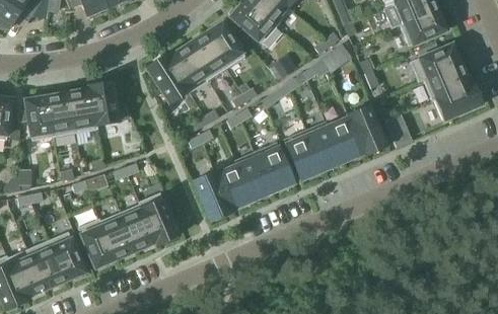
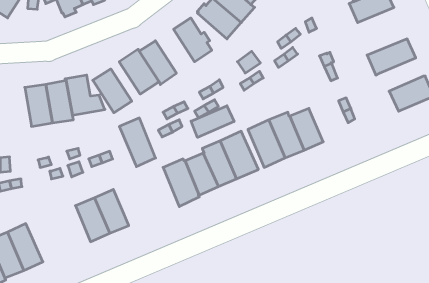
building: [400,10,446,47] -> none
building: [185,33,226,80] -> [93,69,132,113]
building: [423,64,470,100] -> none
building: [24,95,53,141] -> none
building: [347,105,386,155] -> none
building: none -> [191,106,234,137]
building: [139,192,177,244] -> [119,118,156,167]
building: [78,219,116,267] -> none
building: [47,231,85,281] -> none

